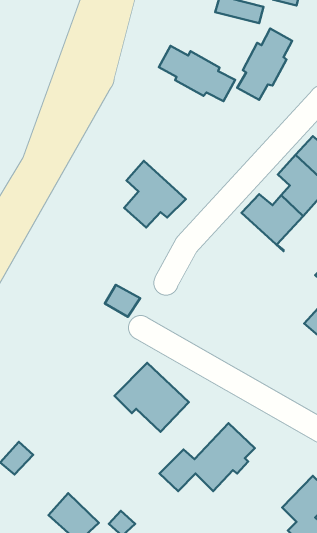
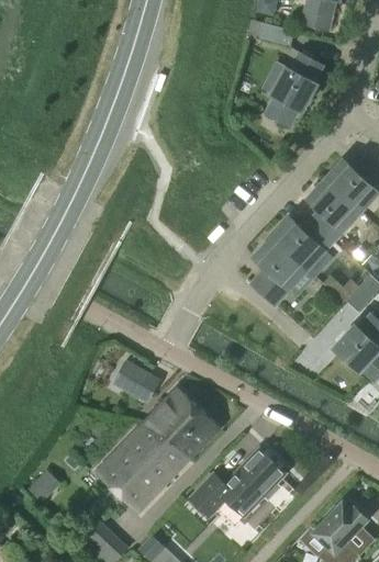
building: [159,46,235,101] -> none
building: [124,161,186,228] -> [252,238,313,305]
building: [105,285,140,317] -> [113,362,148,394]
building: none -> [97,422,190,513]

